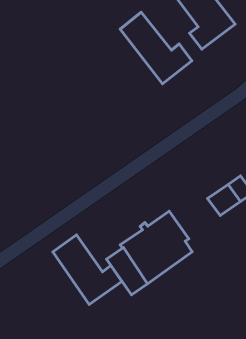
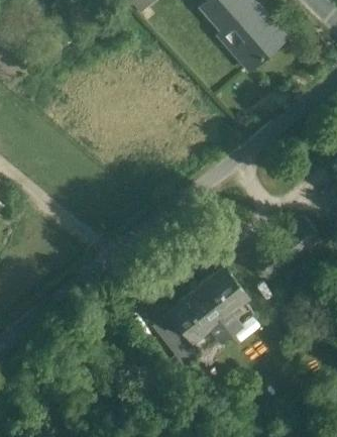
building: [120,12,192,84] -> none
building: [53,235,122,305] -> none

